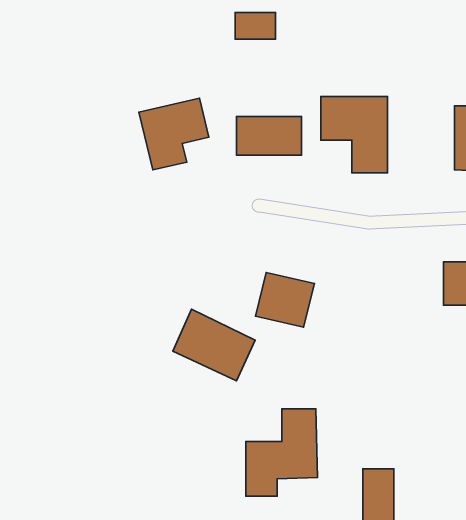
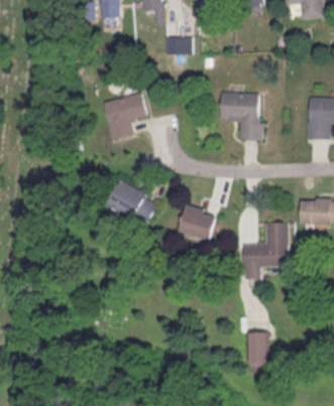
building: [236,116,301,155] -> none
building: [173,309,255,381] -> [105,179,158,226]
building: [246,409,318,496] -> [242,223,289,279]

